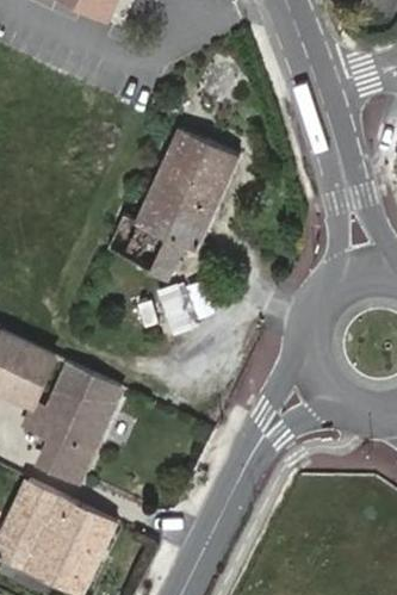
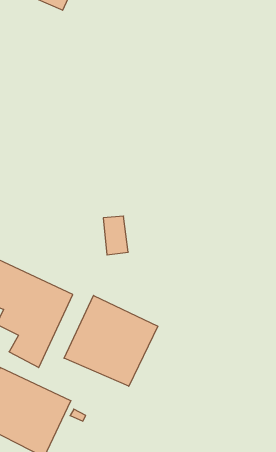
building: [107,128,238,278] -> none
building: none -> [64,295,158,386]

